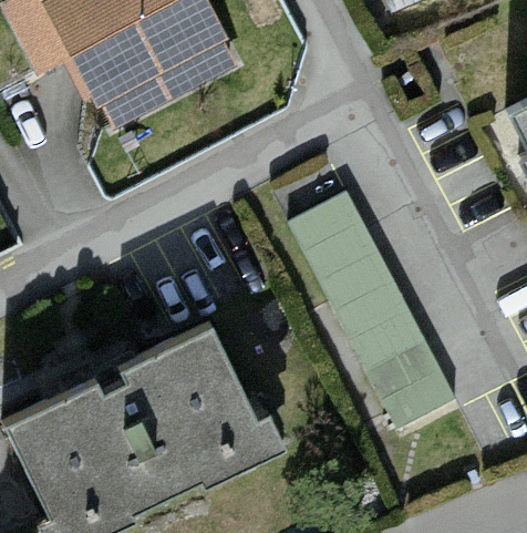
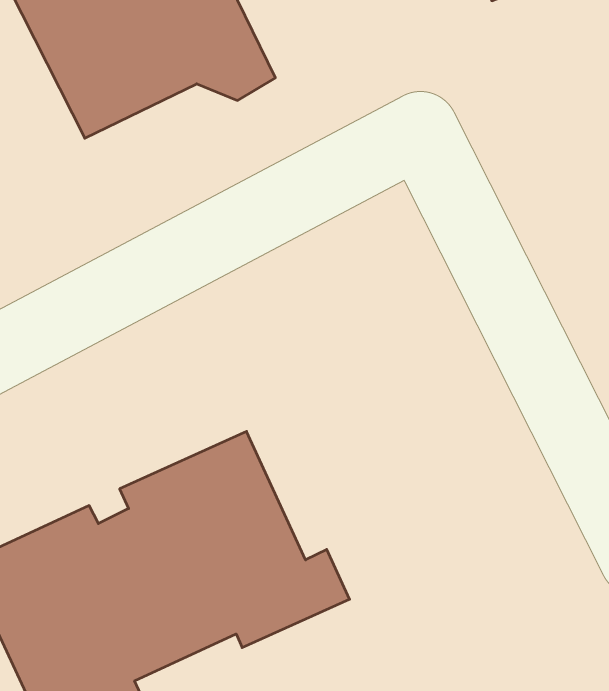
building: [281,191,455,434] -> none

